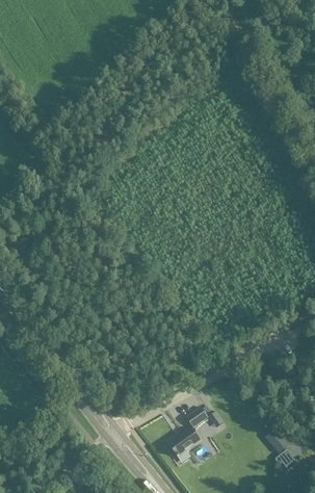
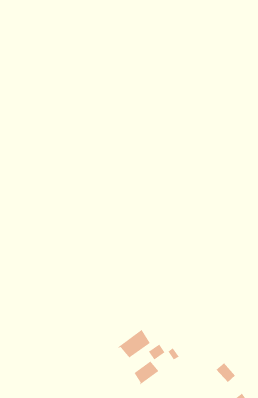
building: none -> [117,329,151,359]

